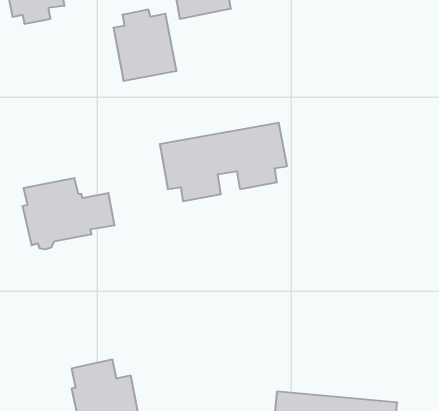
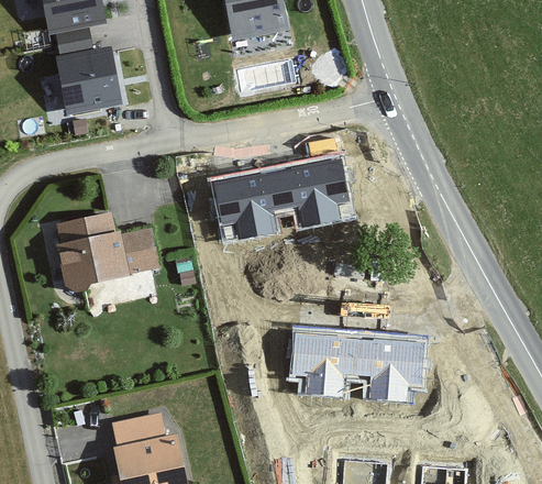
building: [113,10,177,81] -> [51,40,120,118]
building: none -> [292,327,428,400]

